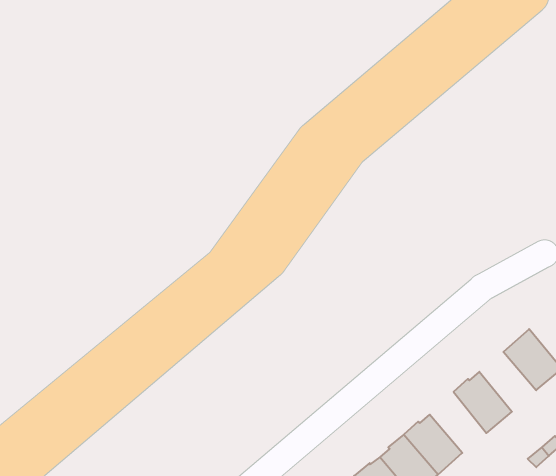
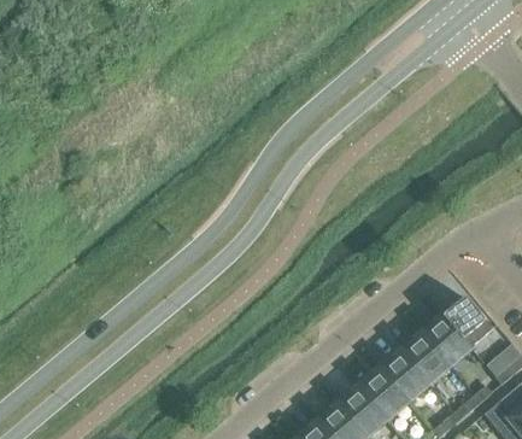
building: none -> [421,317,469,368]
building: none -> [379,351,427,403]

